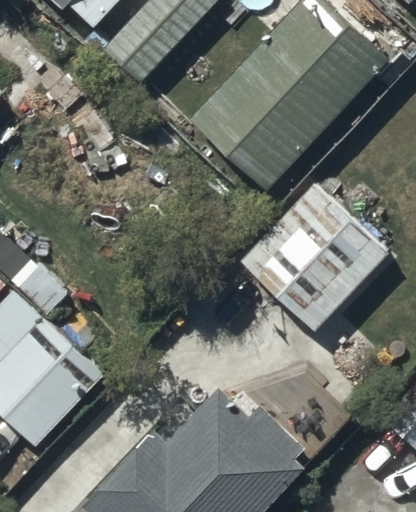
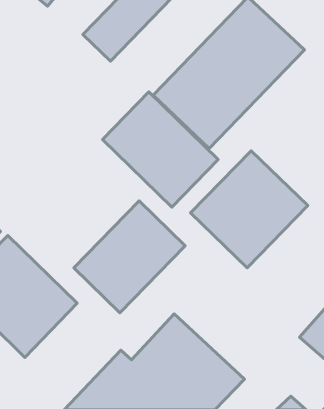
building: none -> [103,92,218,207]
building: none -> [74,201,185,313]

